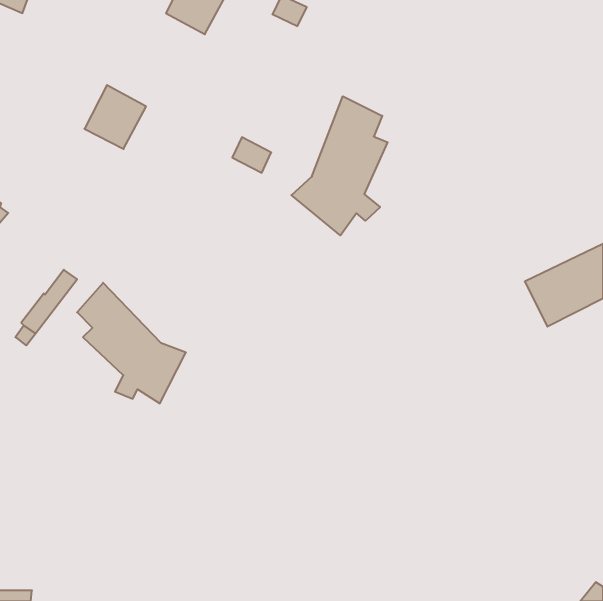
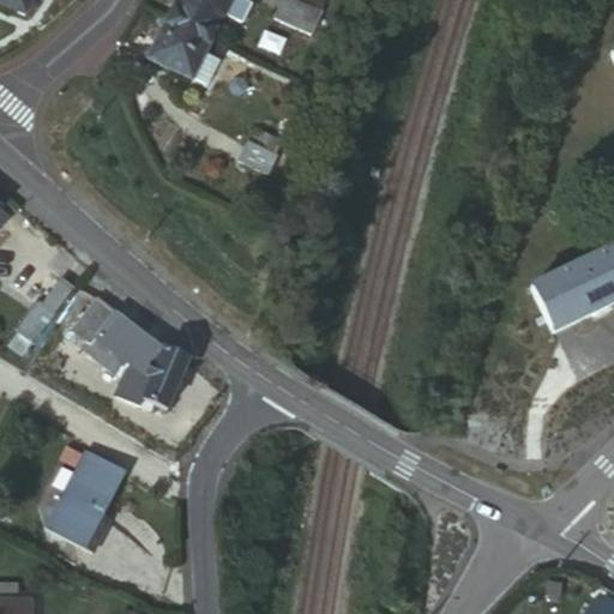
building: [84,85,146,149] -> [145,13,207,78]
building: [291,96,388,235] -> none
building: none -> [44,450,122,549]

